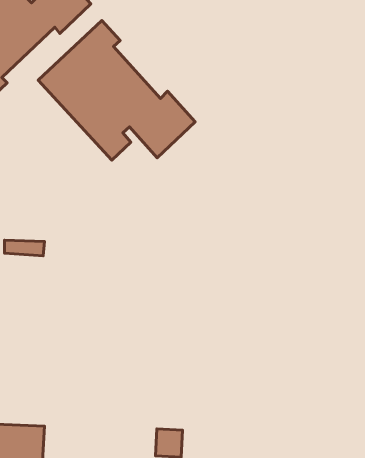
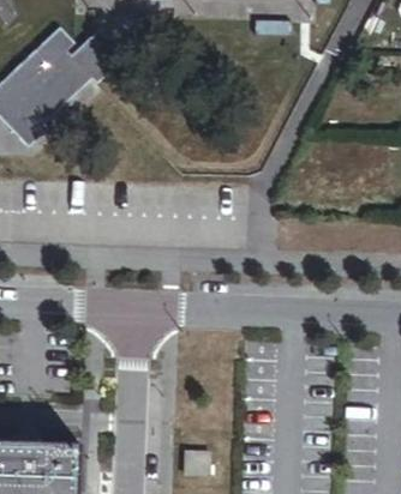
building: [38,21,195,160] -> none

